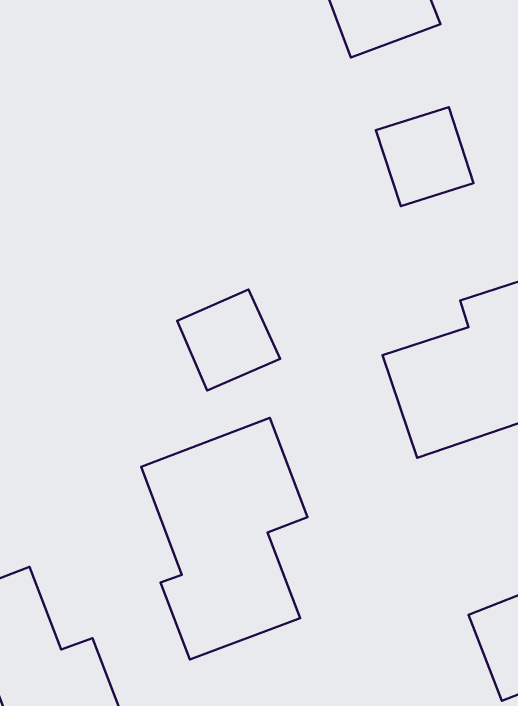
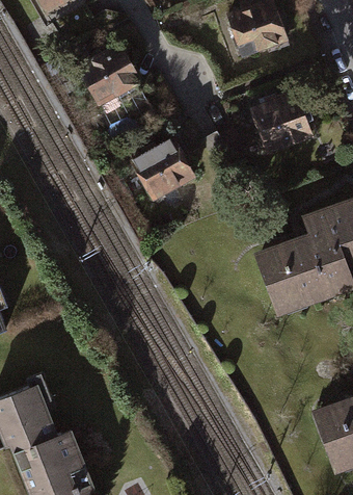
building: none -> [78,44,142,111]
building: [177,290,280,390] -> [132,140,196,204]
building: [141,418,308,659] -> none

